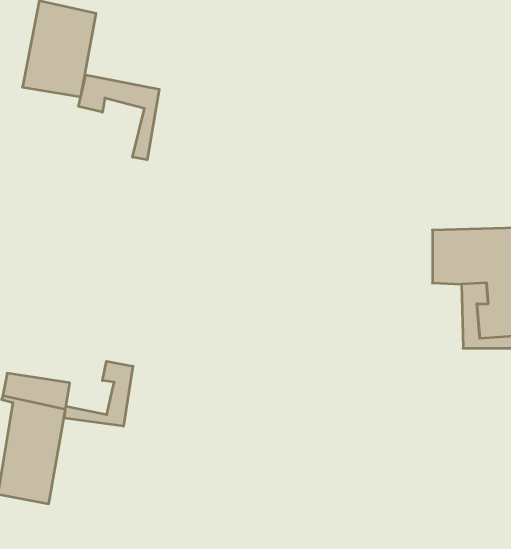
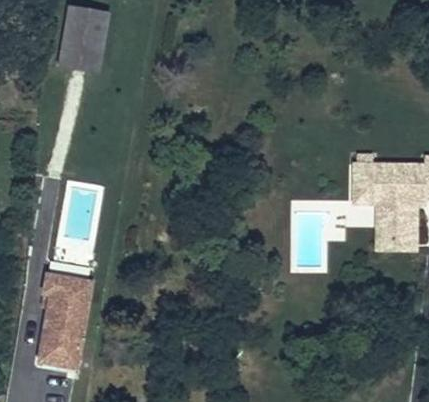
building: [79,75,159,160] -> none
building: [64,361,133,426] -> none

